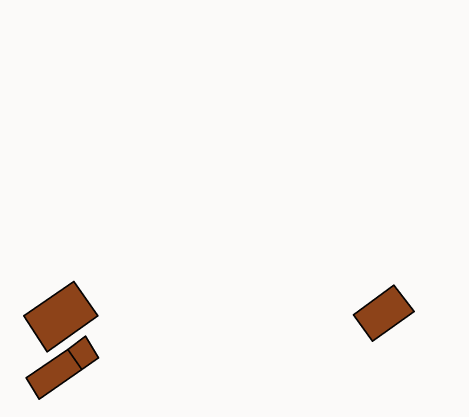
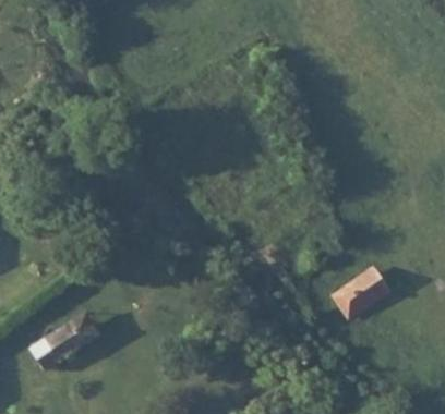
building: [24,281,98,352] -> none

